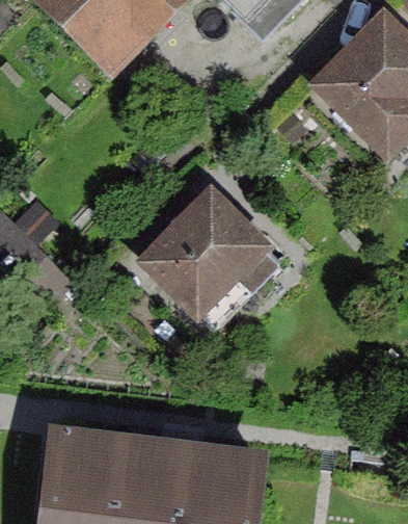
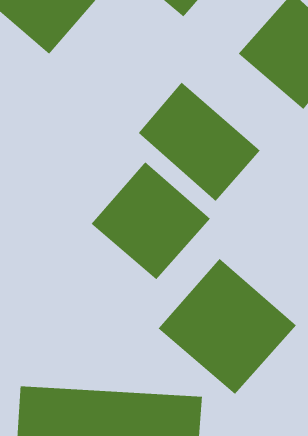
building: none -> [138,82,261,202]
building: none -> [158,258,297,395]

